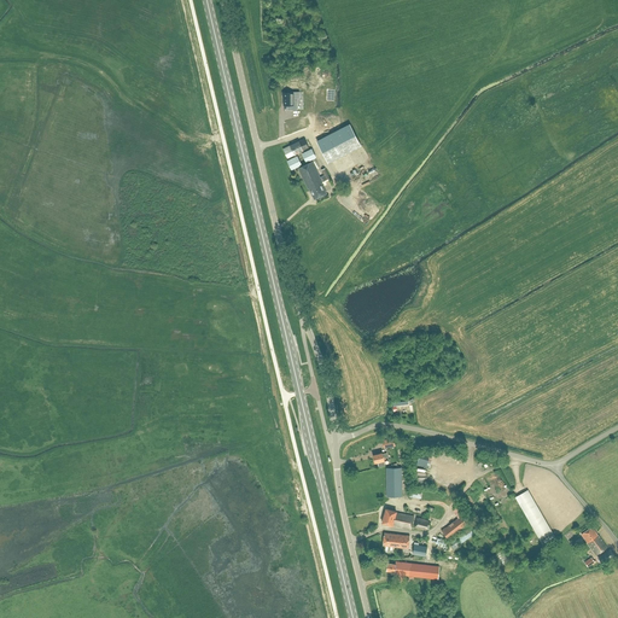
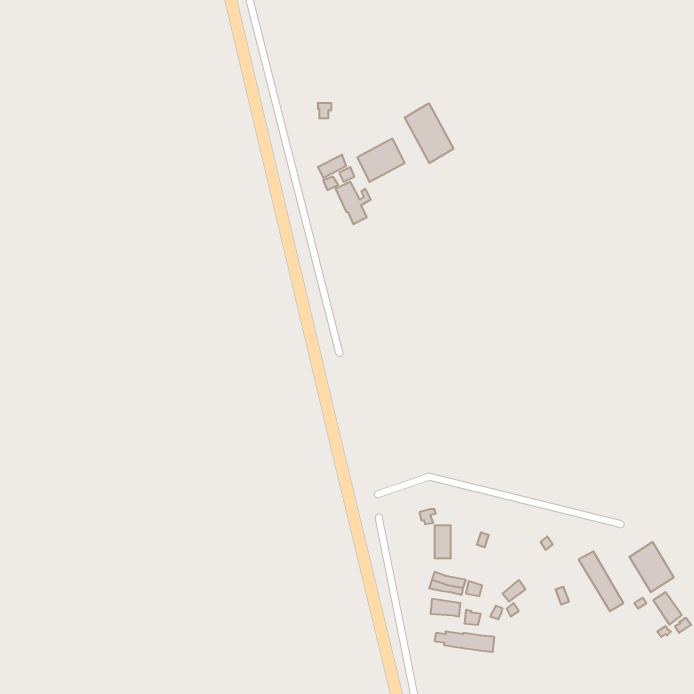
building: none -> [405,103,453,163]
building: none -> [629,542,674,592]

